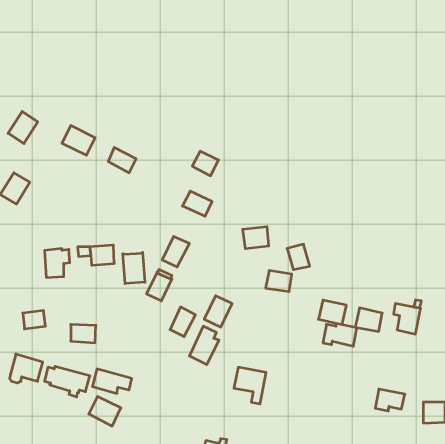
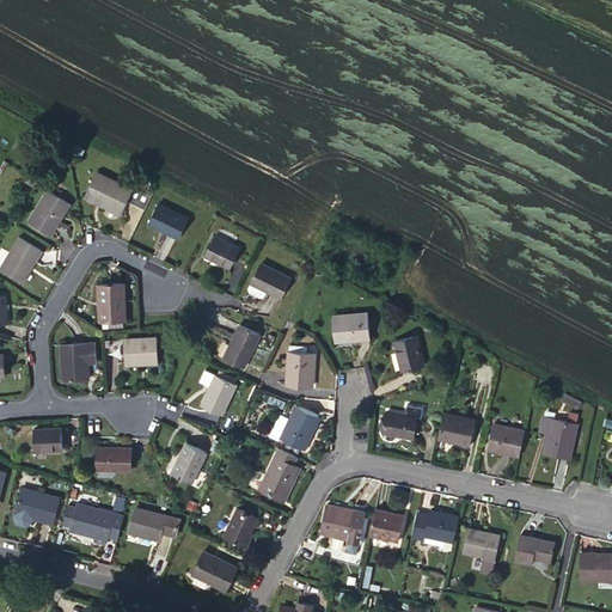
building: [8,111,38,144] -> [29,191,69,235]
building: [192,151,219,176] -> [203,237,239,270]
building: none -> [98,284,124,329]
building: none -> [286,345,313,387]
building: [123,252,145,284] -> none
building: [266,271,292,292] -> [380,411,416,440]
building: [170,307,195,337] -> [171,443,206,484]
building: [323,324,357,346] -> [411,513,458,544]
building: none -> [222,508,258,547]
building: none -> [368,510,404,543]
building: none -> [461,530,500,574]
building: [89,397,121,426] -> [192,551,237,592]

